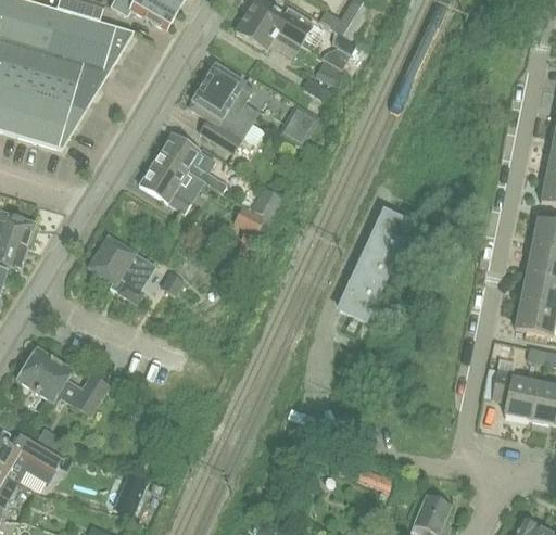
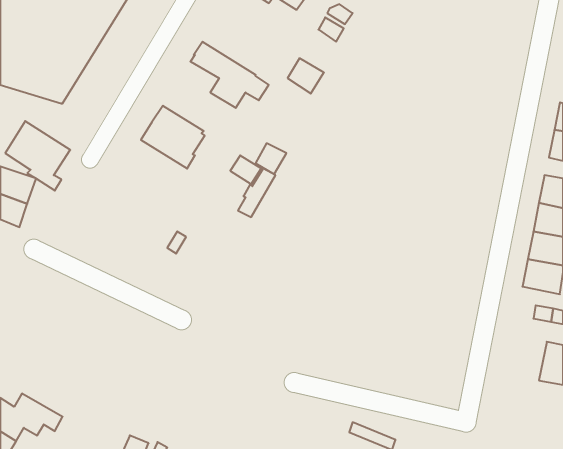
building: [200,63,257,119] -> none
building: [161,132,226,191] -> none
building: [340,211,409,319] -> none
building: [88,234,152,303] -> [5,121,70,191]
building: [16,346,110,416] -> none
building: [491,369,539,420] -> none

